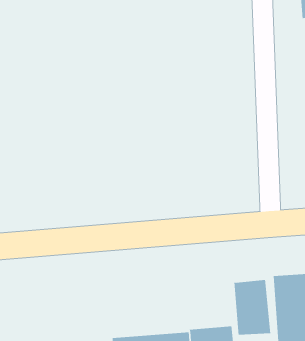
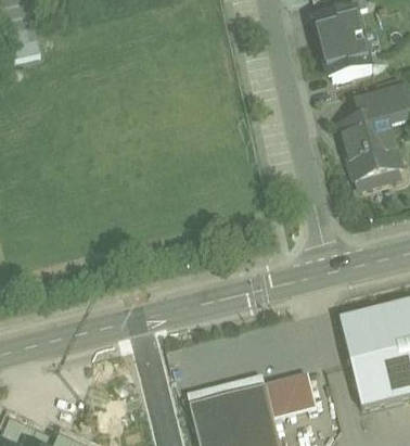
building: [234,279,271,336] -> none

